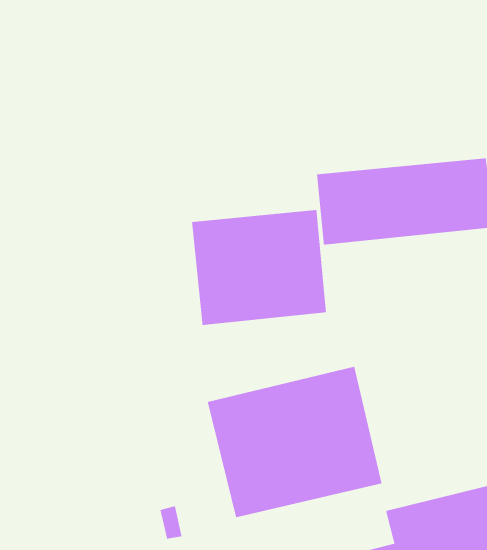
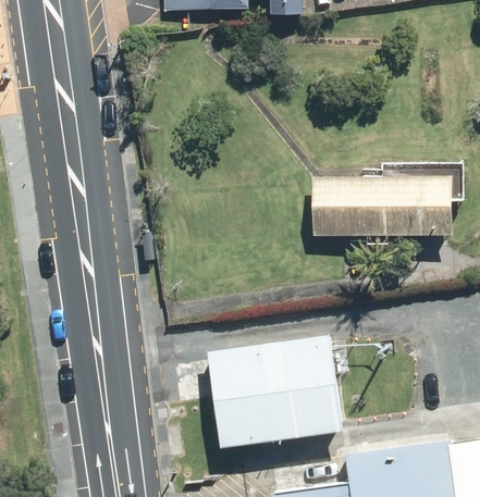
building: [191,209,327,326] -> none

